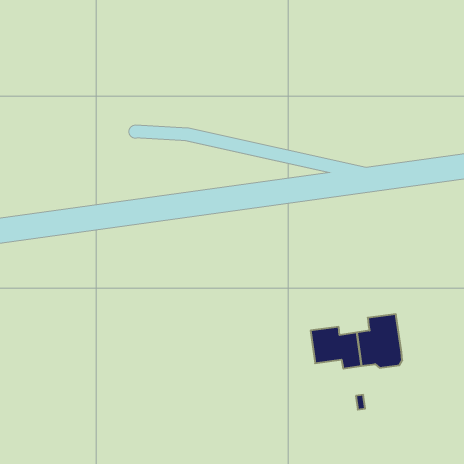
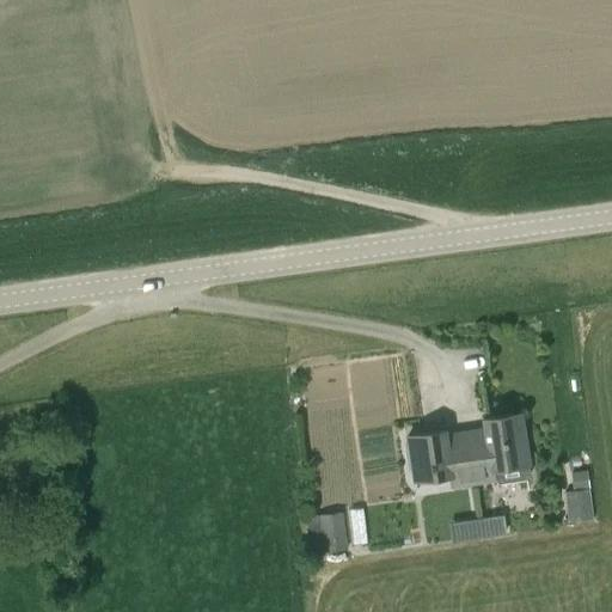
building: none -> [564,488,594,522]
building: none -> [318,512,344,550]

